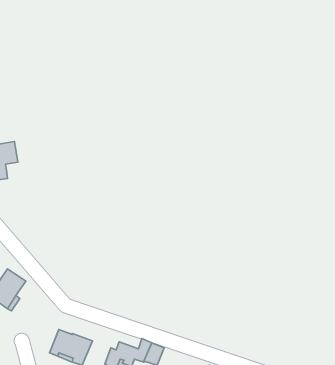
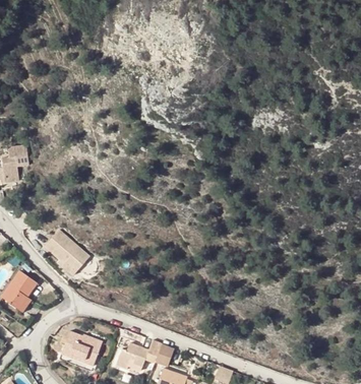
building: none -> [44,230,88,275]

